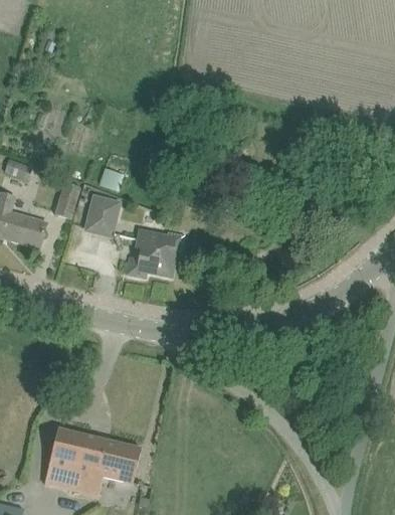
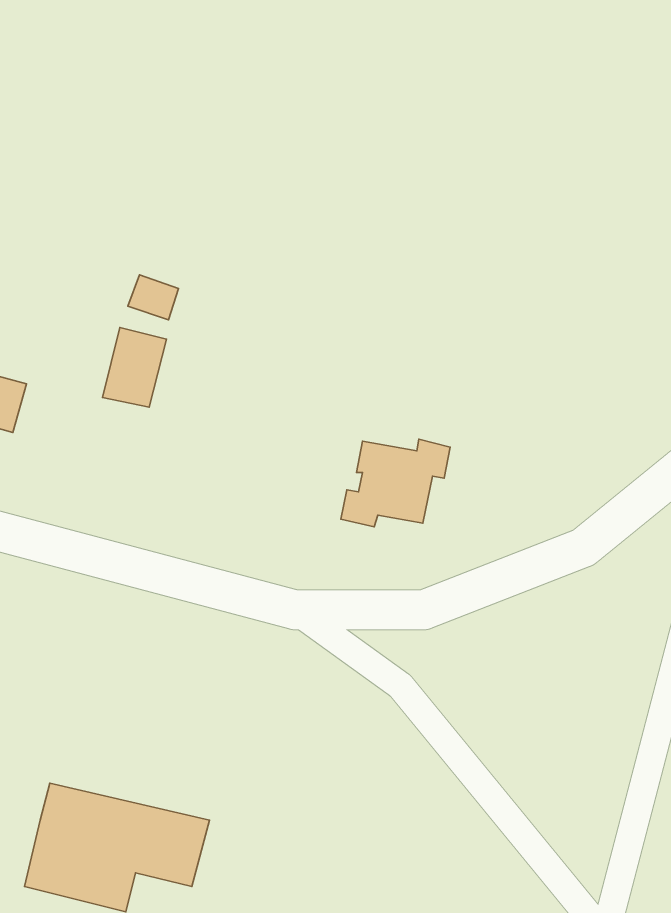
building: [54,174,81,218] -> none
building: [128,230,184,276] -> [341,439,450,527]

